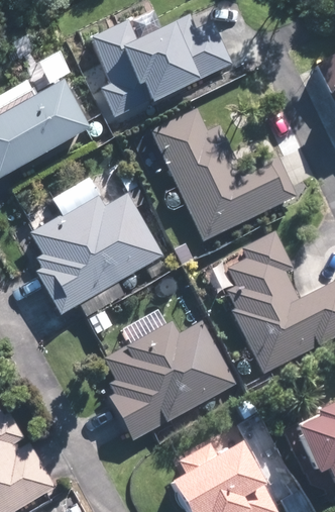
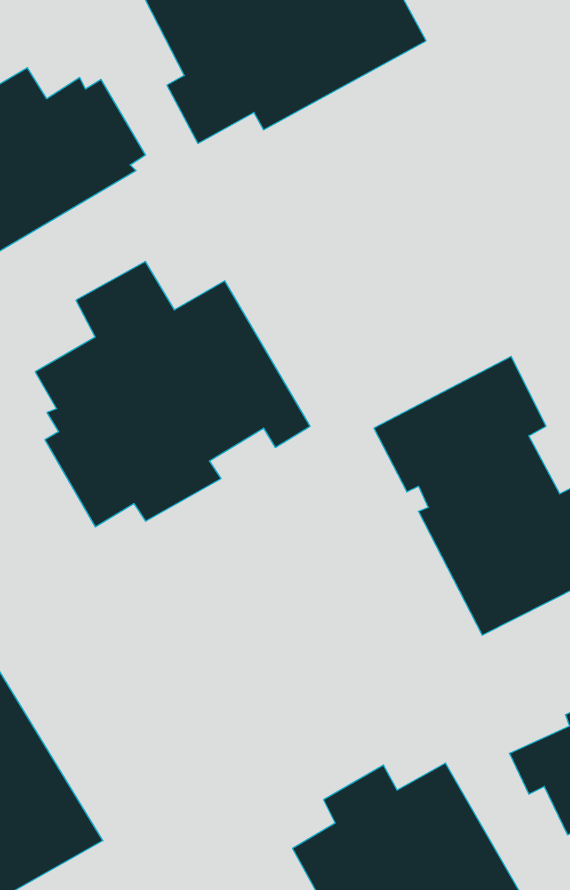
building: [151,107,298,241] -> none
building: [106,308,239,441] -> none

